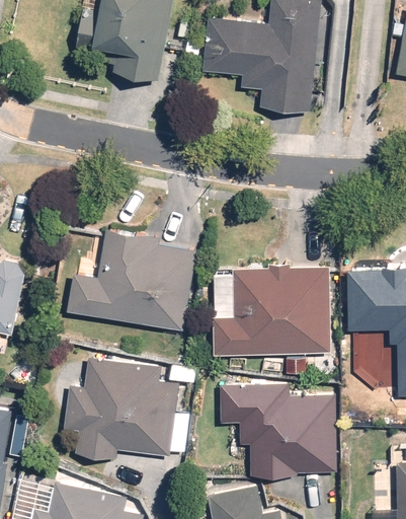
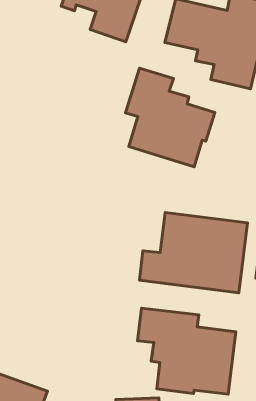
building: none -> [125,68,215,167]
building: [68,232,196,329] -> none
building: [66,359,179,458] -> none

